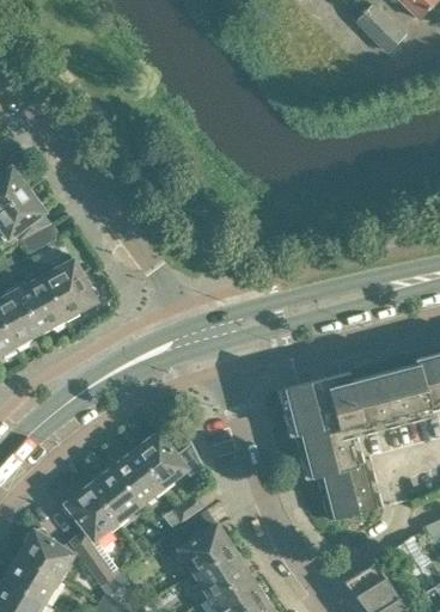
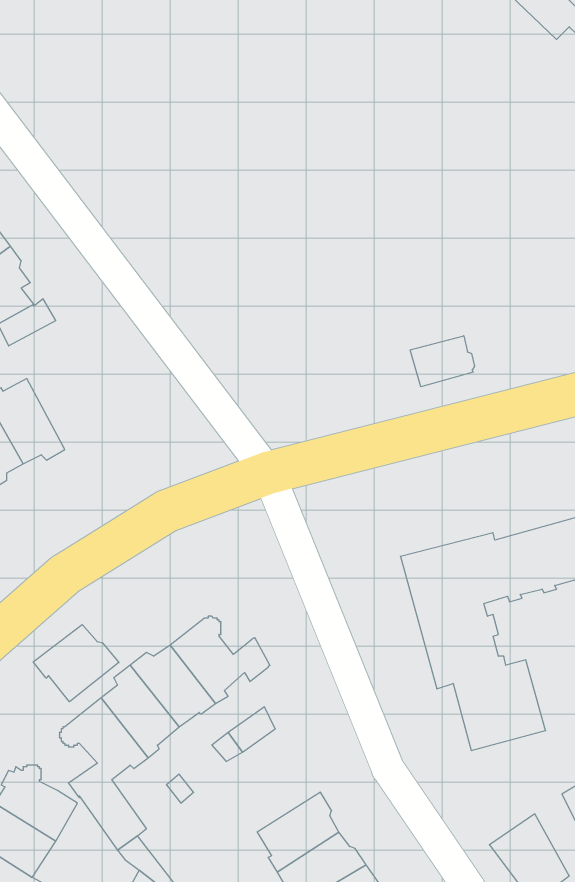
building: none -> [410,336,474,387]
building: [41,257,98,323] -> none
building: none -> [33,625,119,702]
building: [158,510,234,575] -> none

